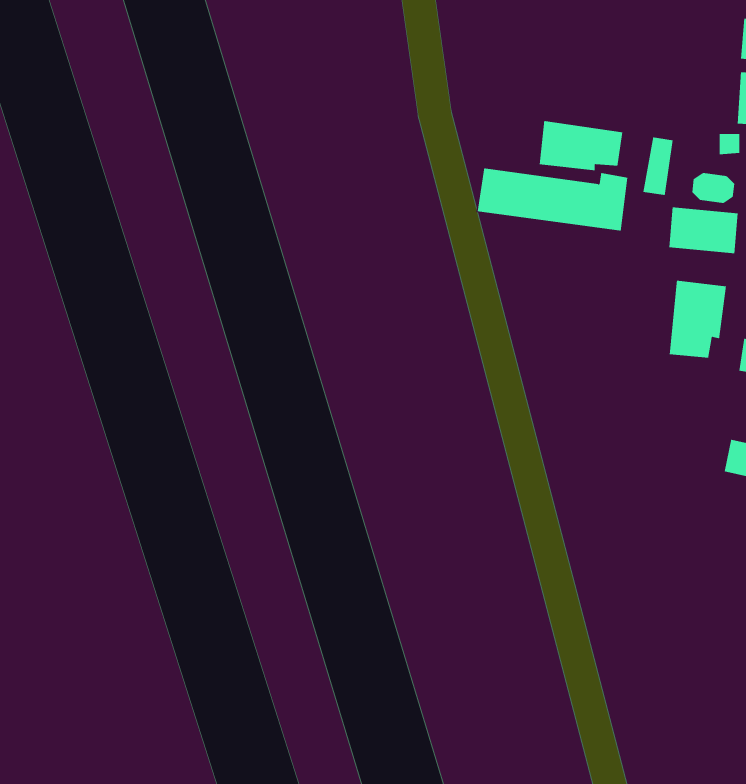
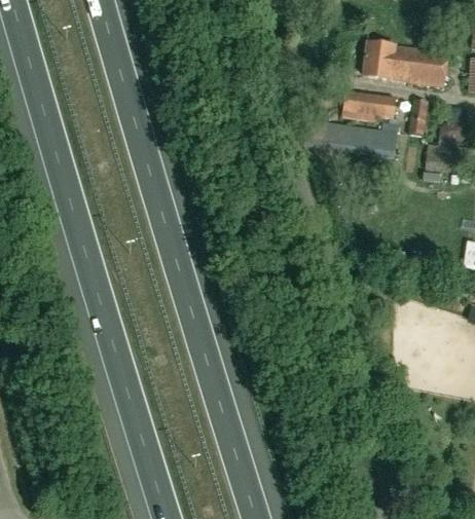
building: none -> [363,42,447,86]
building: [669,280,727,359] -> none

